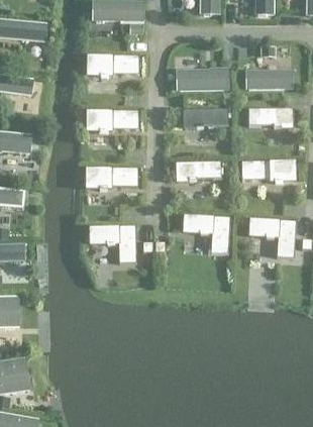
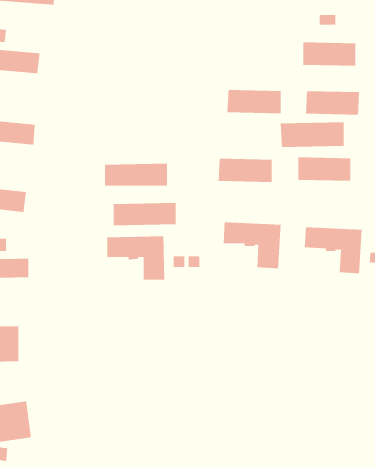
building: [86,54,137,73] -> none
building: [175,69,227,90] -> [280,122,345,148]
building: [87,109,138,128] -> [113,202,177,226]

